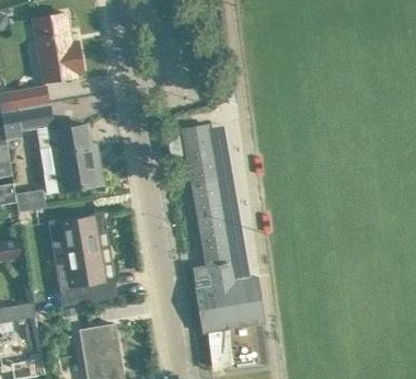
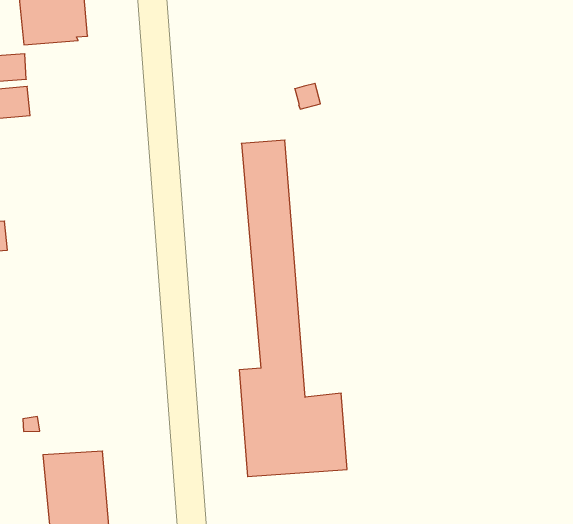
building: [44,125,103,193] -> none
building: [50,214,117,303] -> none

